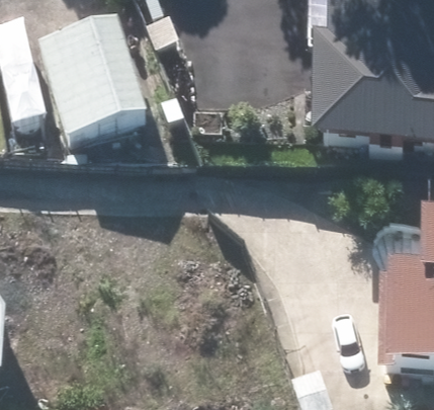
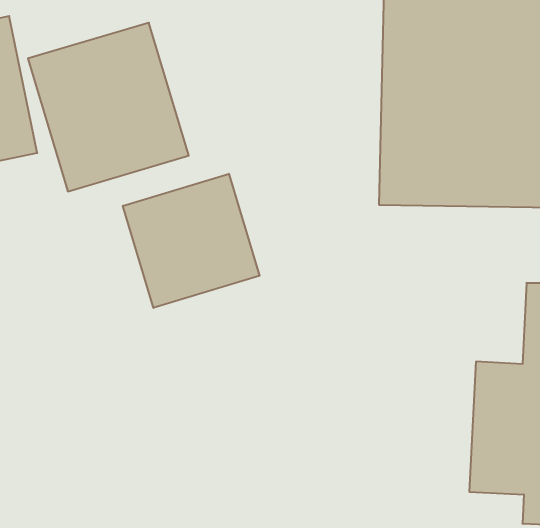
building: none -> [123,174,260,308]

